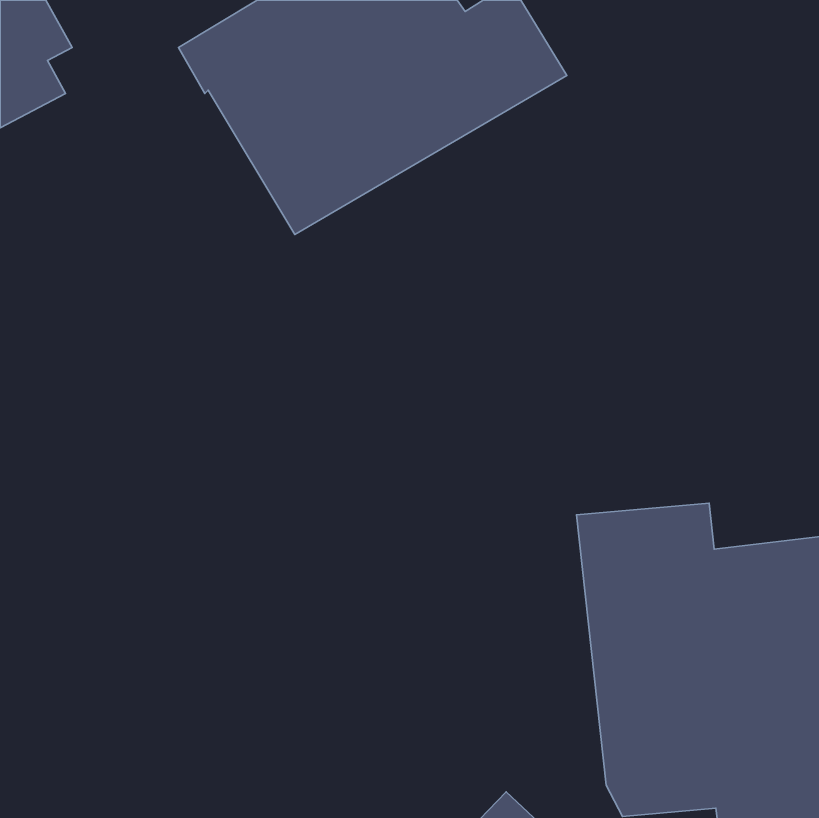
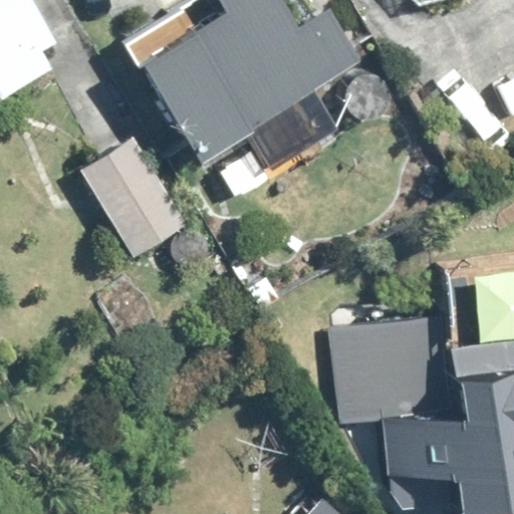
building: none -> [82,138,193,261]

